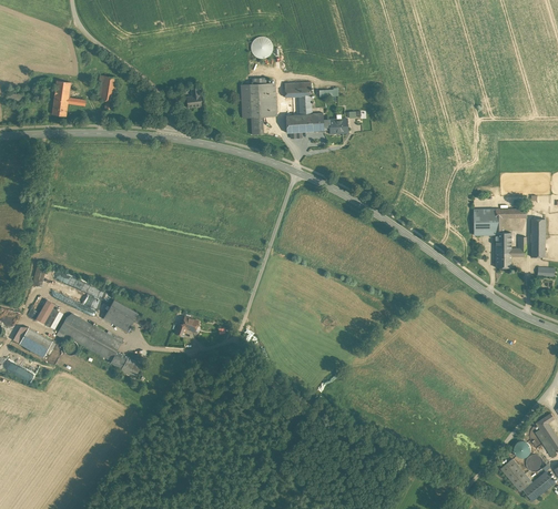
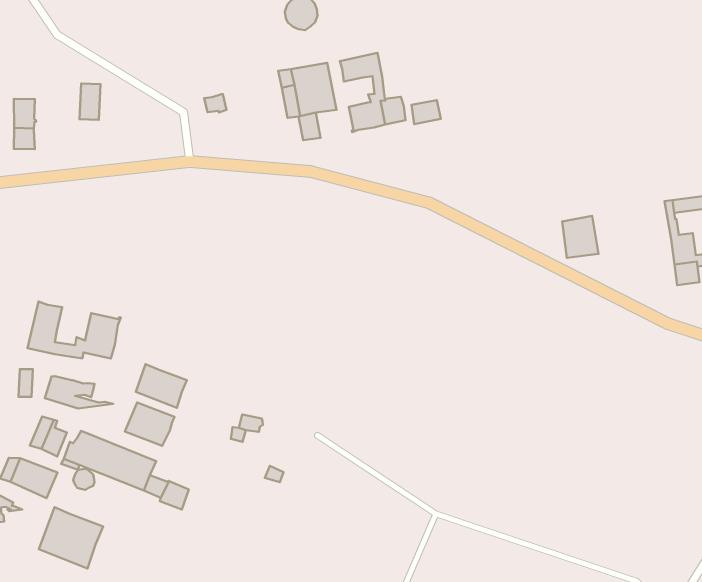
building: [473,208,495,235] -> [562,216,599,258]
building: none -> [28,302,121,358]
building: none -> [136,364,187,408]
building: none -> [39,507,103,569]

